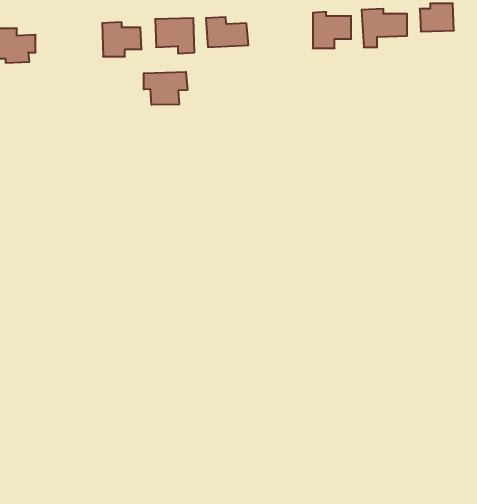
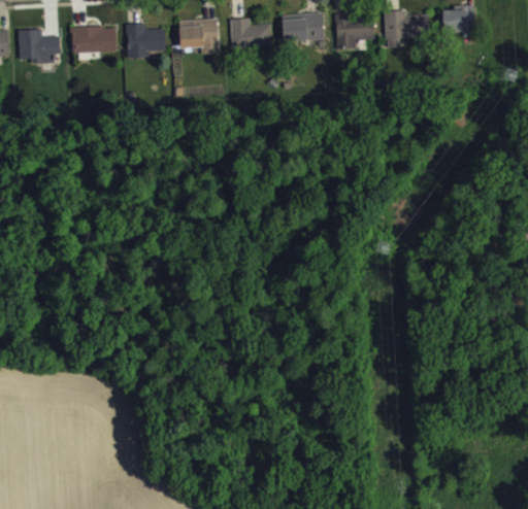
building: none -> [282,12,323,39]
building: none -> [71,25,117,53]
building: [144,72,187,105] -> none

